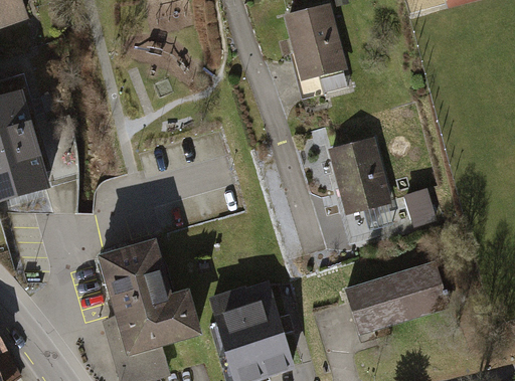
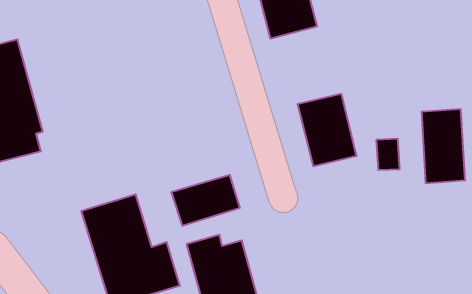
building: none -> [422,109,465,183]
building: none -> [172,175,240,226]
building: [345,263,447,337] -> none

